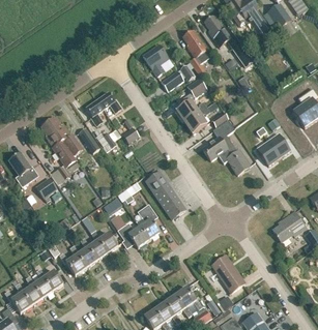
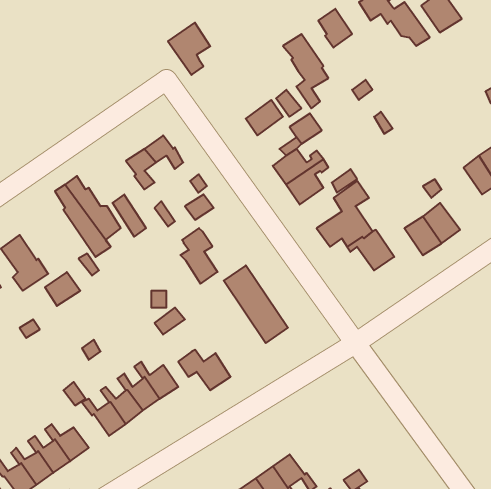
building: [143,43,169,76] -> [168,23,210,75]
building: [138,205,161,239] -> [180,228,218,284]
building: [272,211,306,241] -> none
building: [211,254,244,292] -> none

